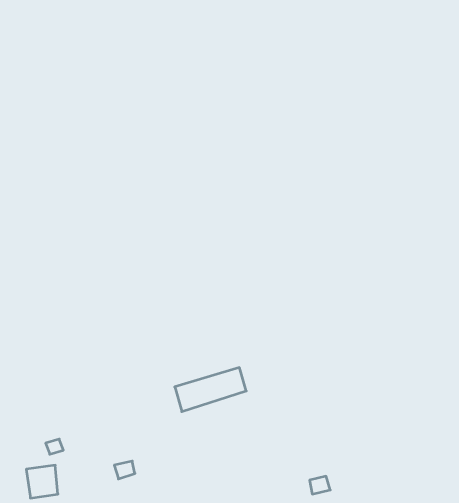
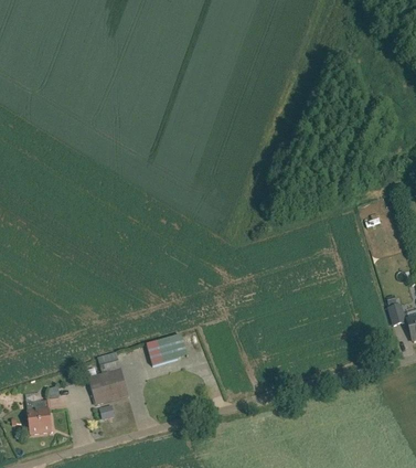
building: none -> [89,369,128,404]

